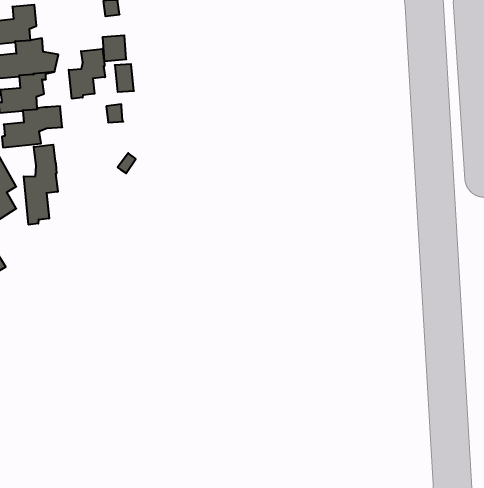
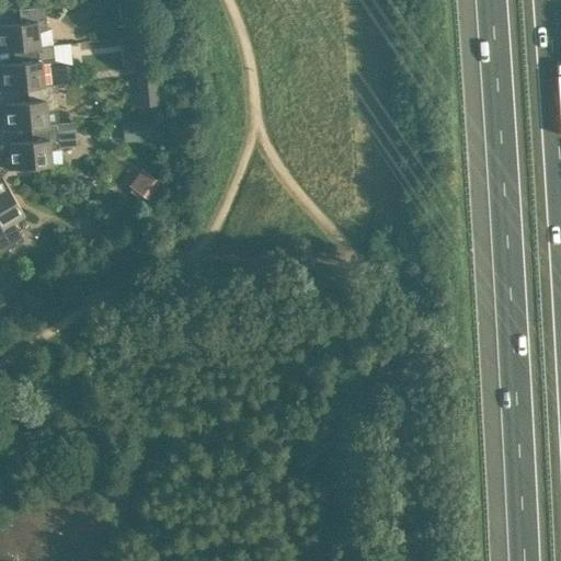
building: [69,49,105,99] -> none
building: [24,145,58,225] -> none

